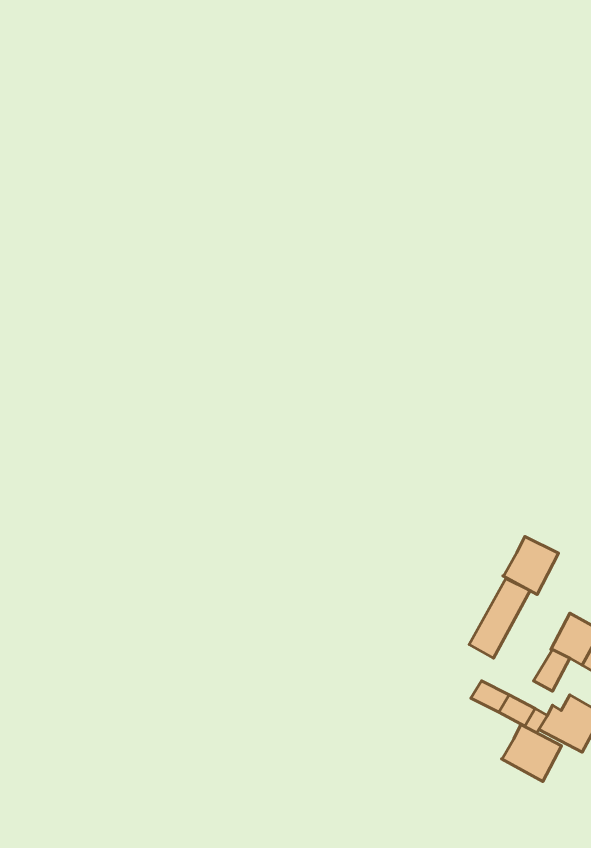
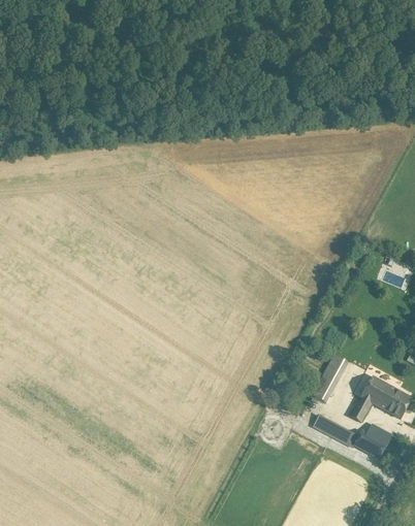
building: [503,536,558,594] -> none
building: [501,725,561,782] -> none

